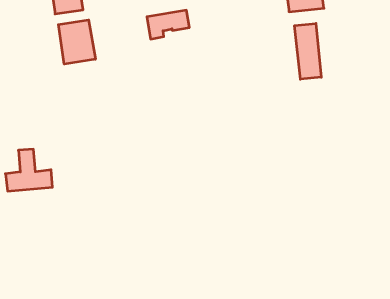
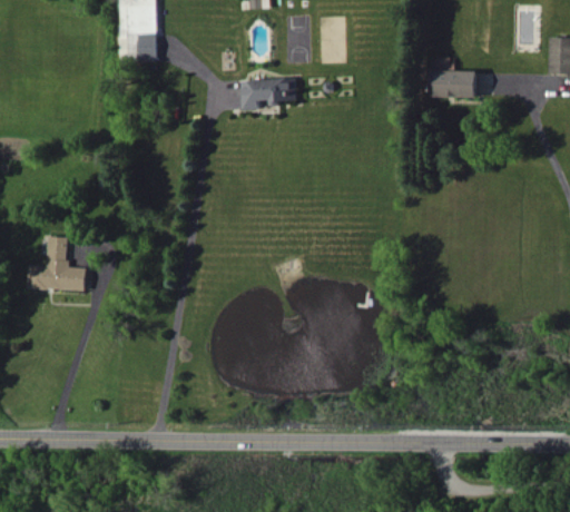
building: [58,20,95,64] -> none
building: [295,23,321,79] -> none

